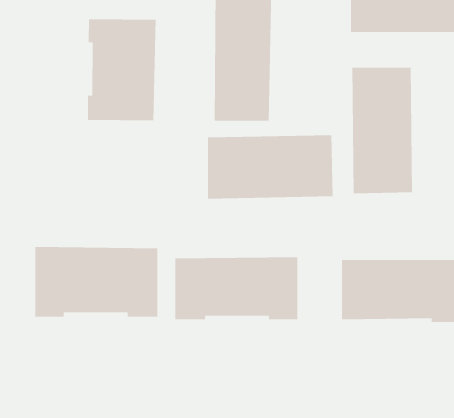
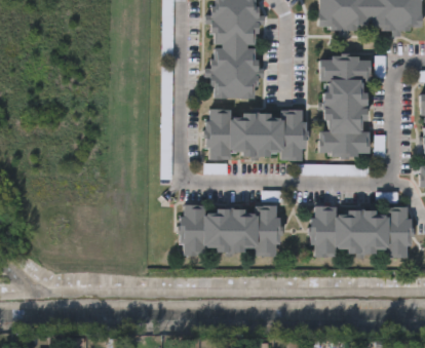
building: [87,18,156,121] -> none
building: [35,246,158,318] -> none

